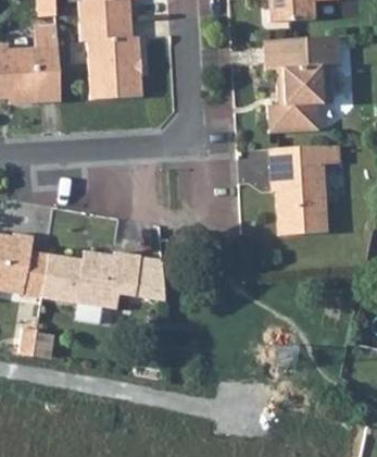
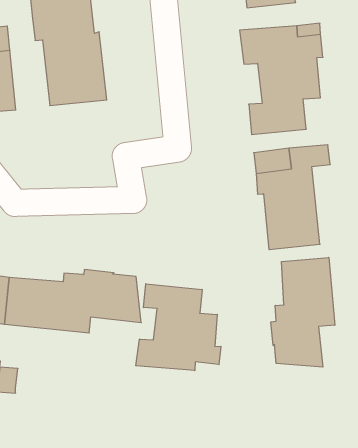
building: none -> [271,257,335,367]
building: none -> [136,284,221,371]

